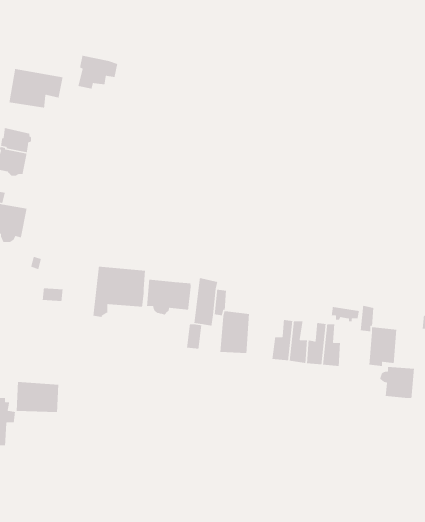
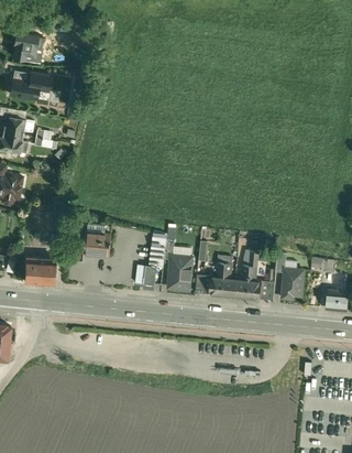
building: [78,55,118,89] -> [13,31,44,57]
building: [146,279,191,315] -> none
building: [379,366,415,399] -> none
building: [16,381,59,413] -> [24,257,57,281]

